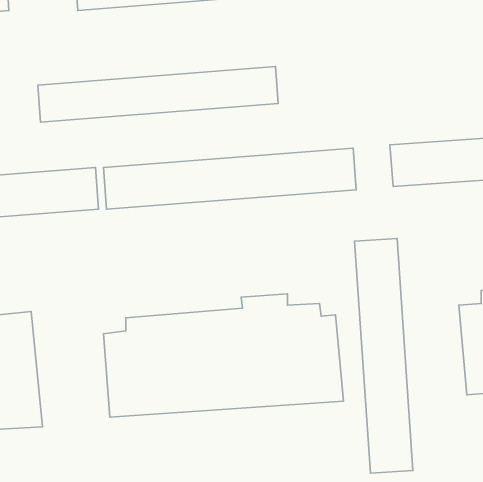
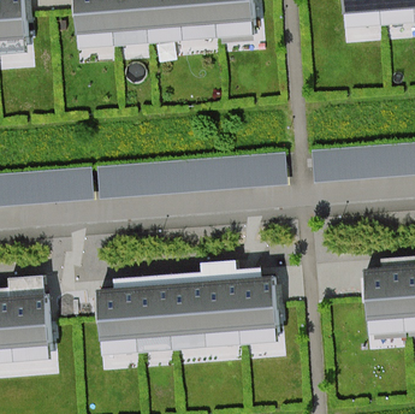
building: [38,66,278,122] -> none
building: [355,238,413,473] -> none

